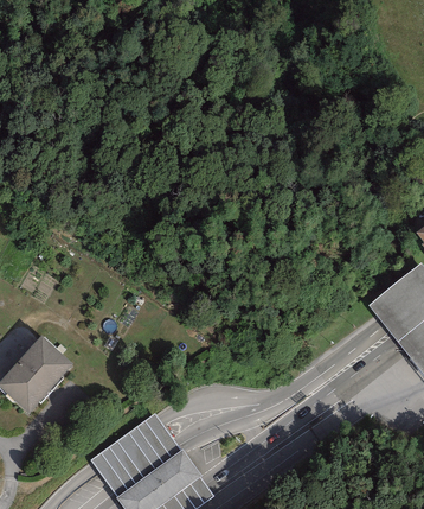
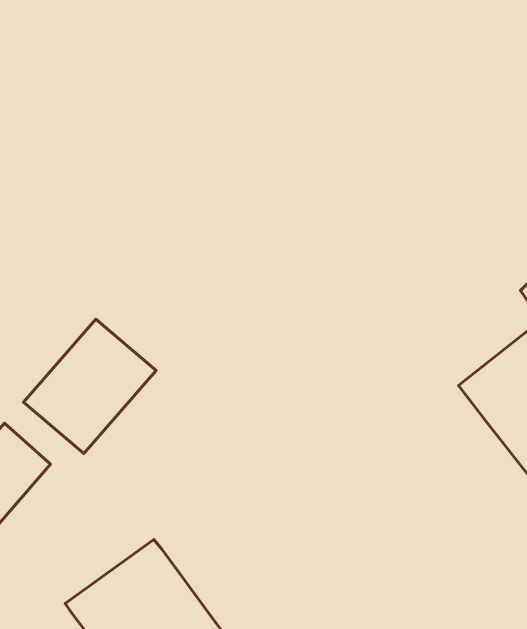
building: none -> [23,319,156,454]

